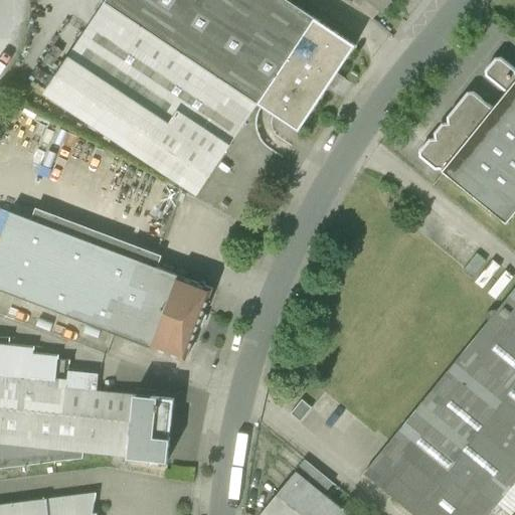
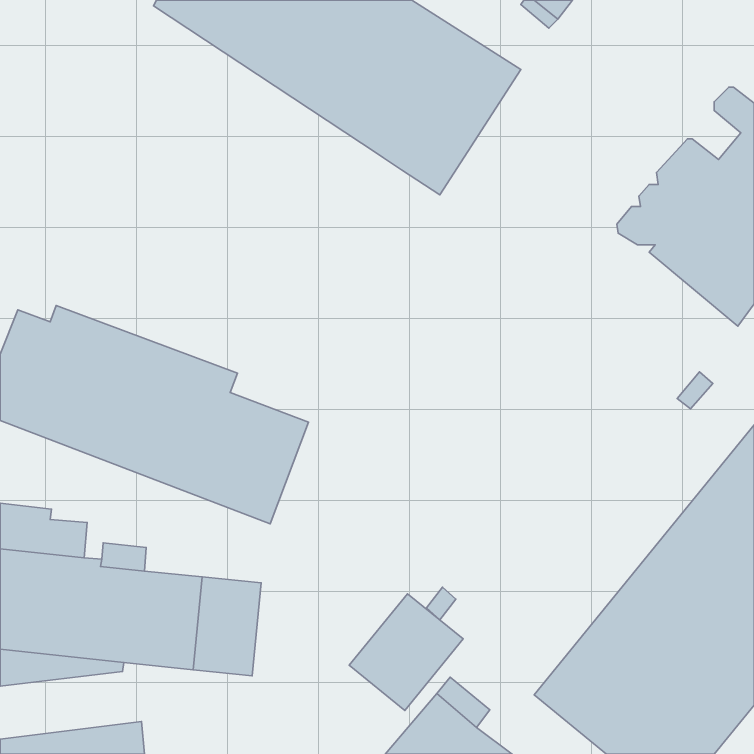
building: [43,4,259,198] -> none
building: none -> [349,594,463,710]

